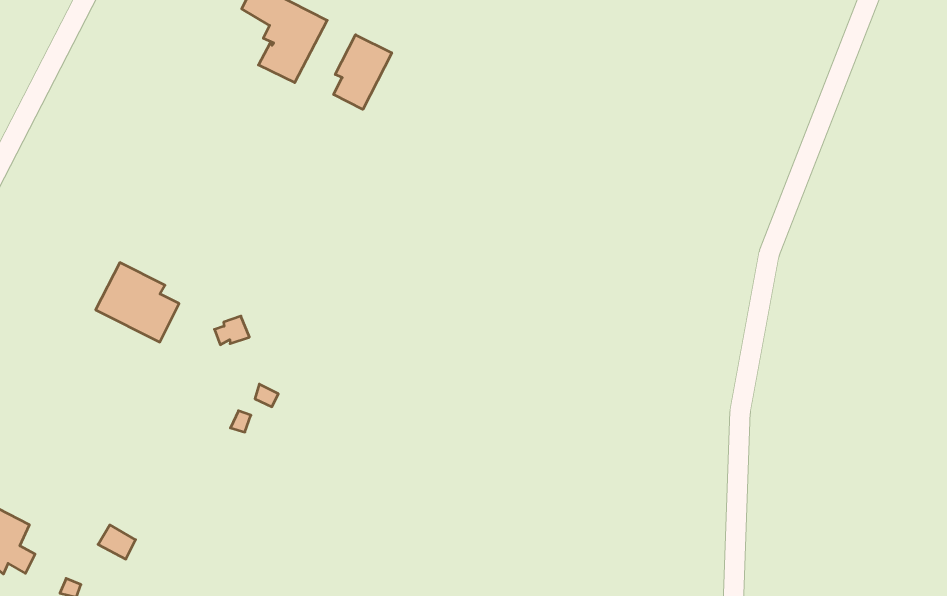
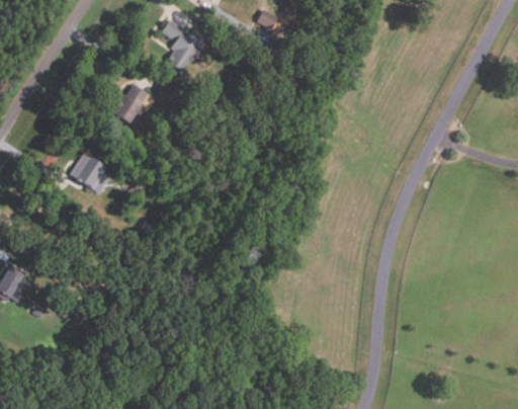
building: [334,35,392,109] -> none
building: none -> [109,83,148,128]

